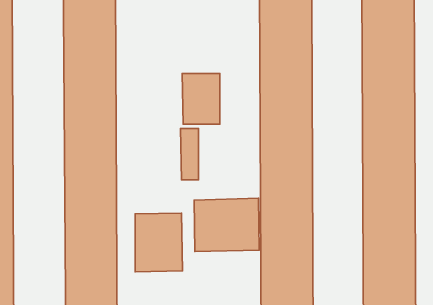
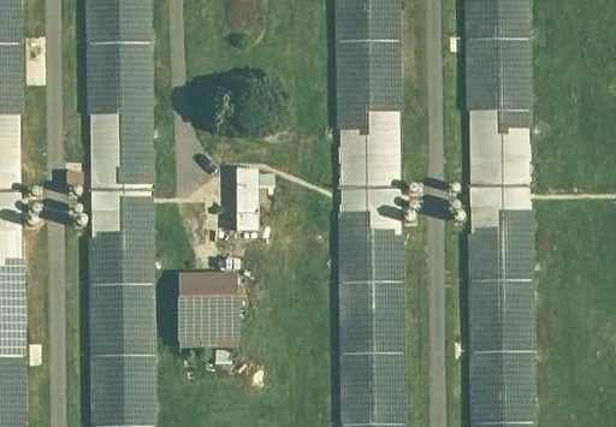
building: [182,73,220,124] -> none
building: [194,198,259,251] -> none

